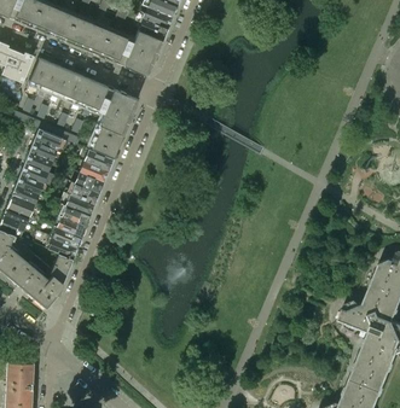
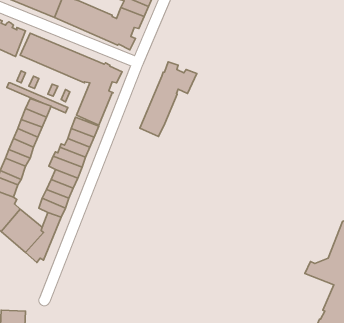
building: none -> [140,62,197,137]

